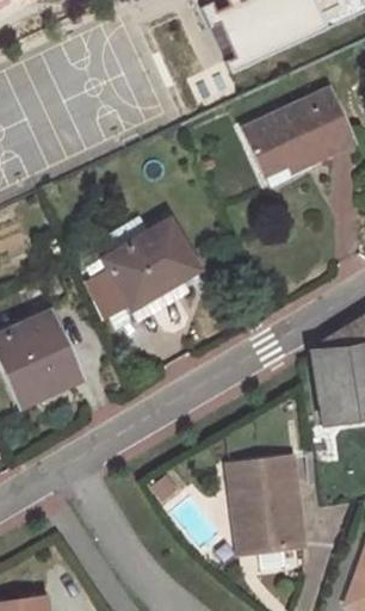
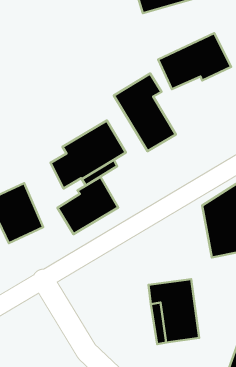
building: none -> [114,74,176,151]
building: none -> [57,177,118,234]

